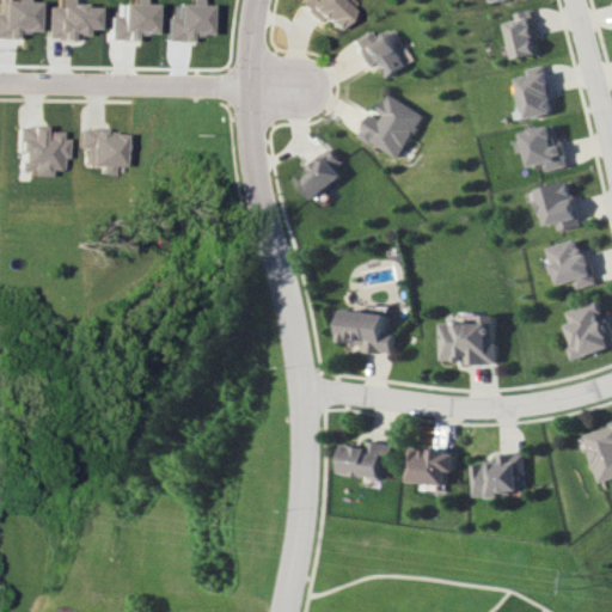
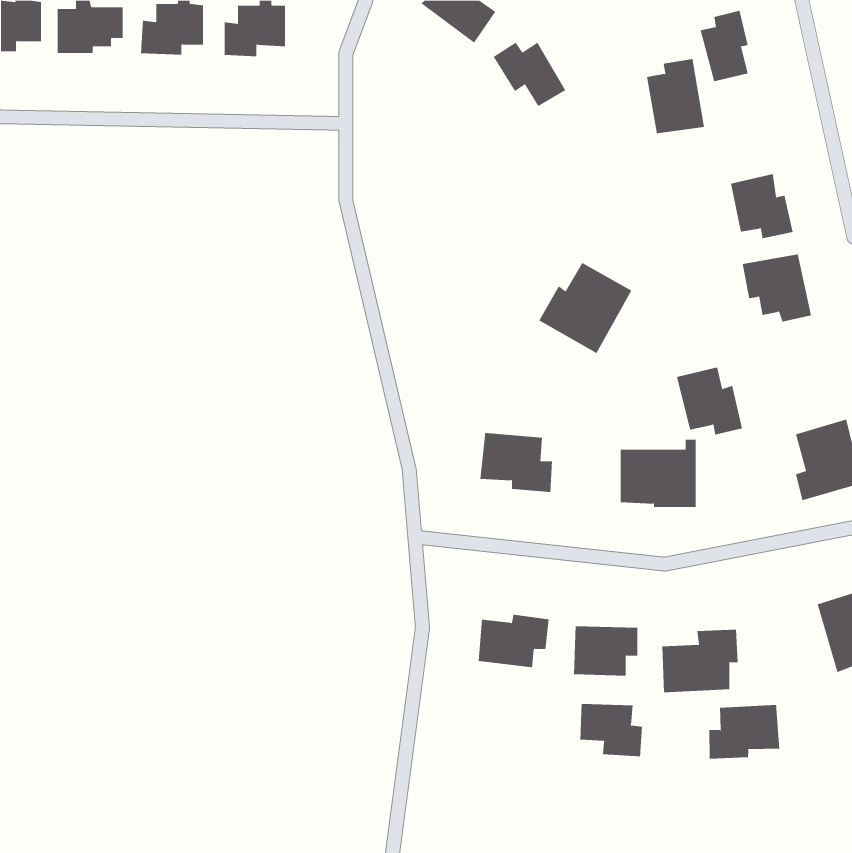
building: [513,65,555,118] -> [646,59,705,134]
building: [356,93,423,159] -> [538,262,632,354]
building: [16,124,62,175] -> none
building: [75,129,118,173] -> none
building: [295,149,342,197] -> none
building: [551,239,599,288] -> [676,367,743,435]
building: none -> [580,703,643,757]
building: none -> [709,704,780,760]

